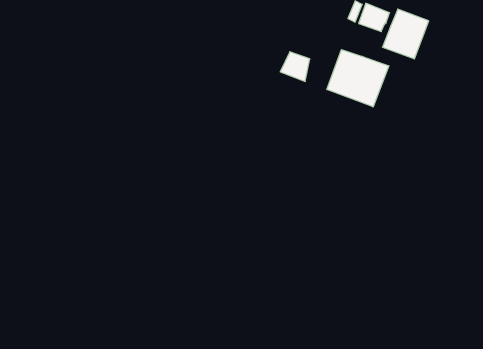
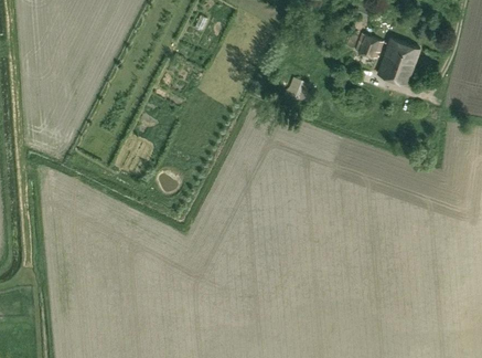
building: [327,50,389,107] -> none

